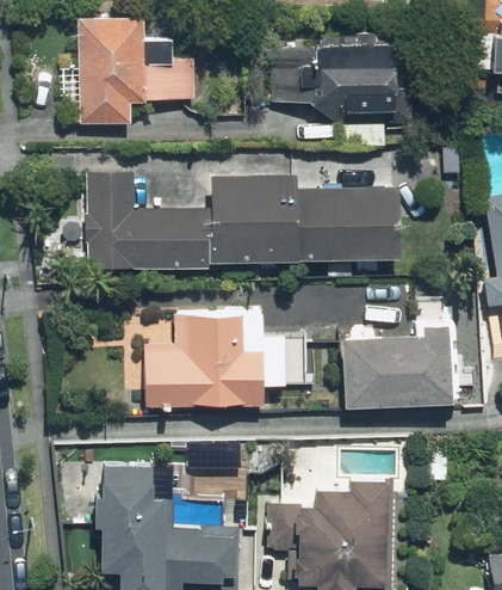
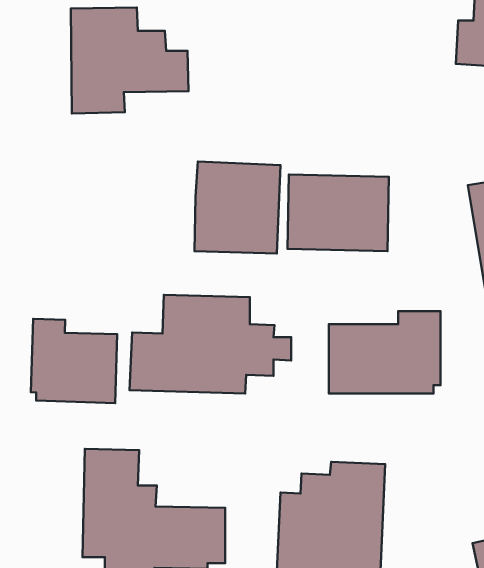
building: [278,45,391,143] -> none
building: [85,166,207,271] -> none
building: none -> [31,319,117,403]

